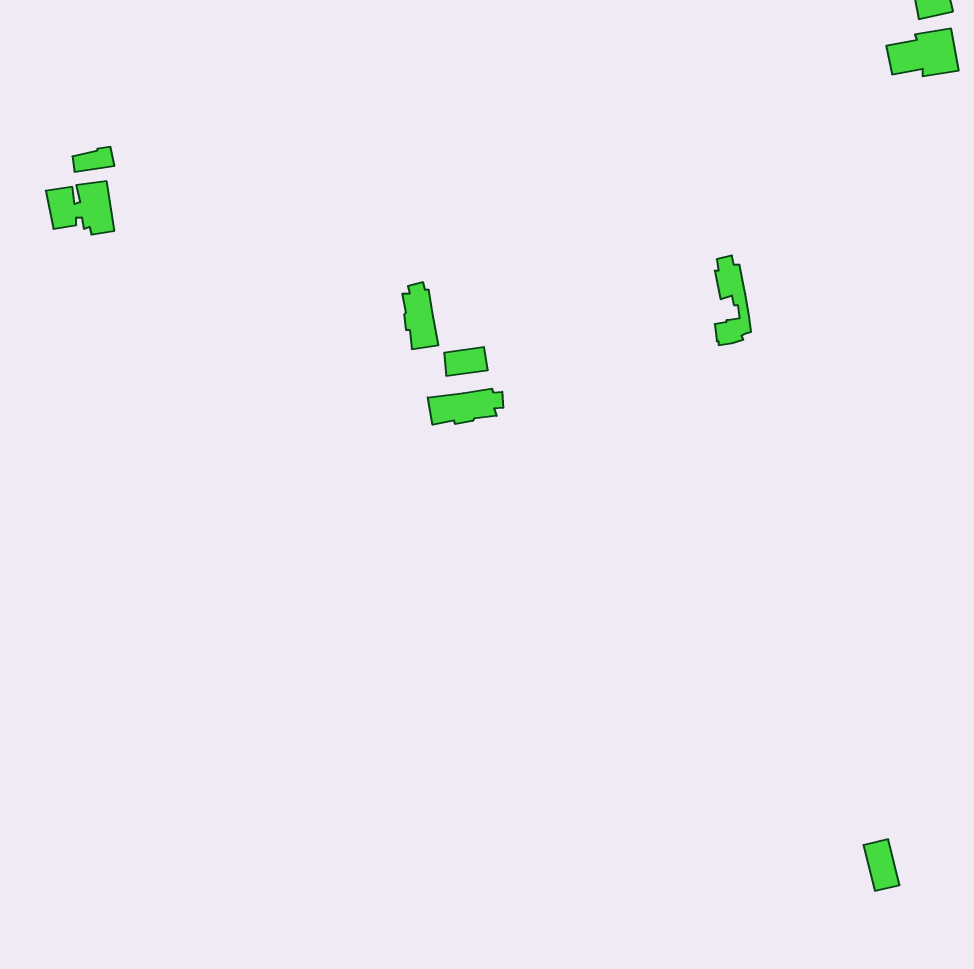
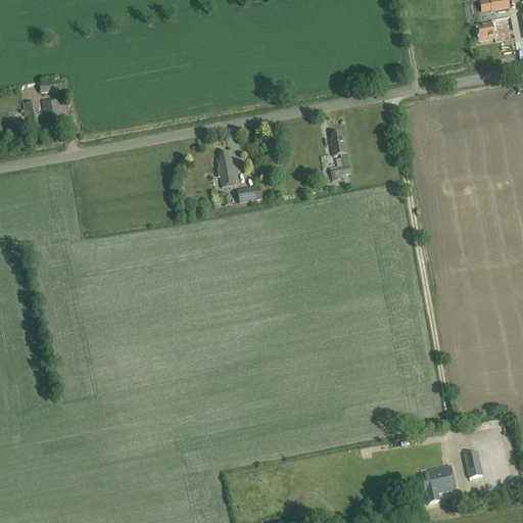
building: [715,255,751,345] -> [330,131,349,179]
building: [428,389,503,425] -> none
building: none -> [421,463,457,502]

